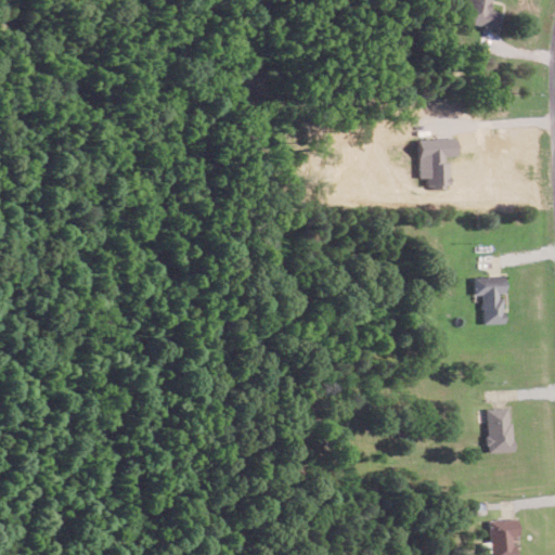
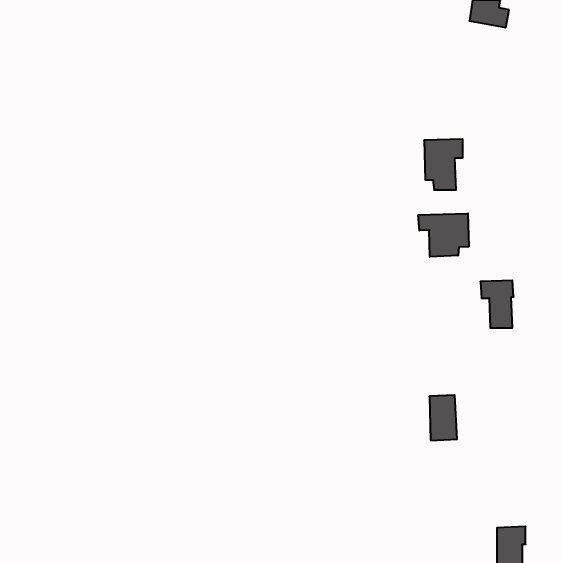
building: none -> [418,213,469,257]
building: [487,408,514,452] -> [429,395,457,440]

